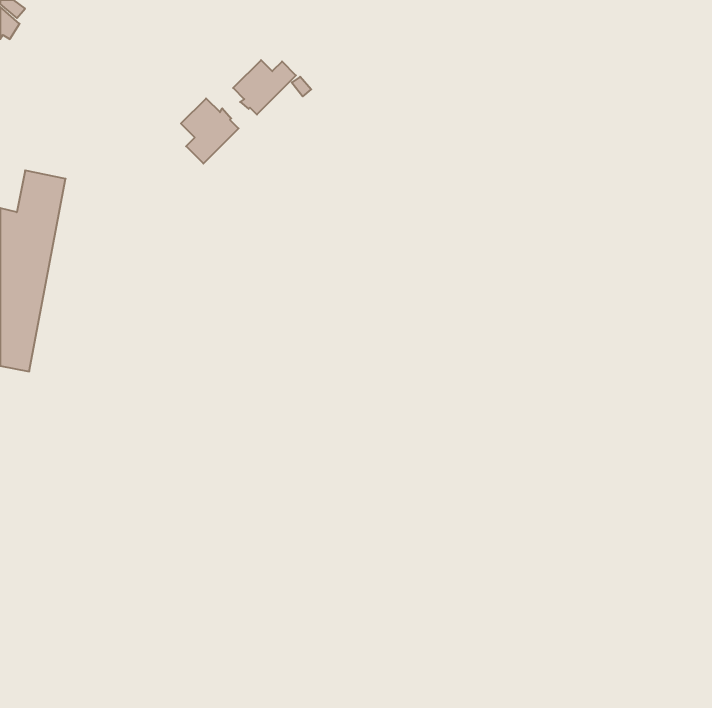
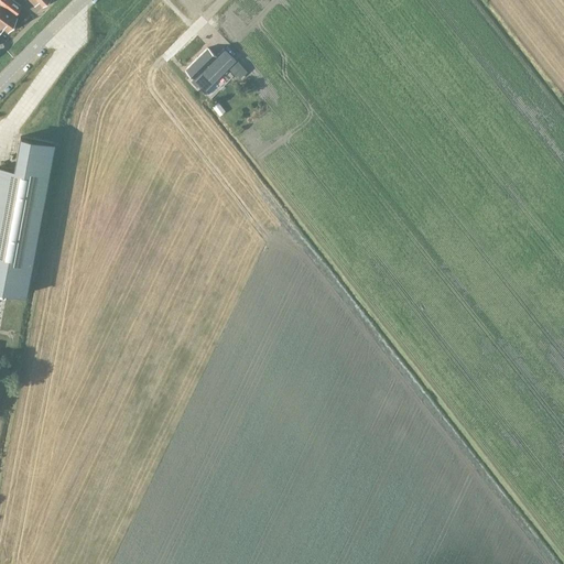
building: [181,98,239,164] -> none

